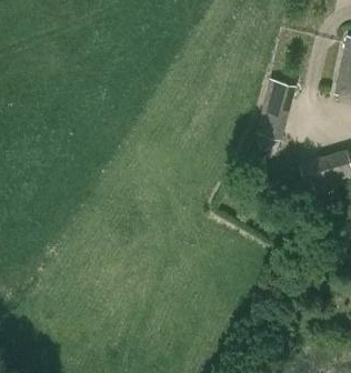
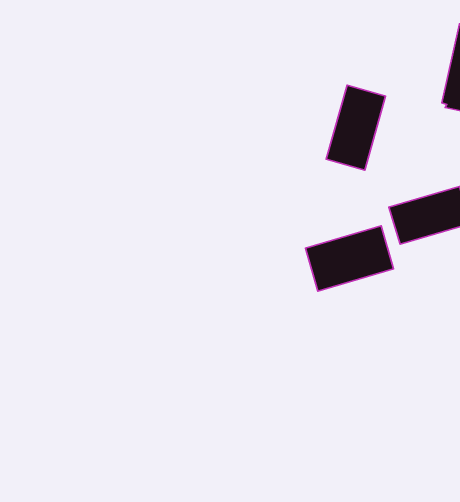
building: none -> [305,226,394,291]

